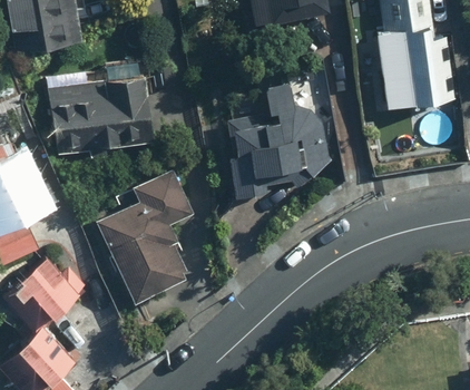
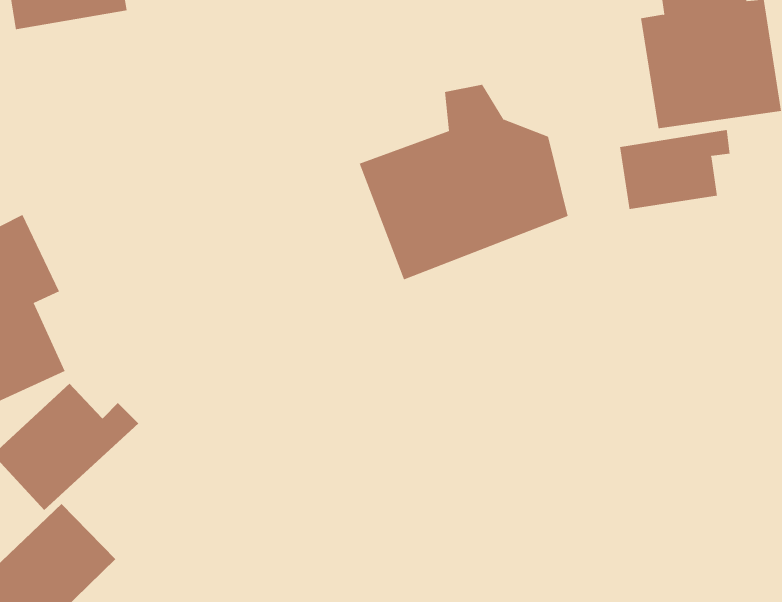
building: [51,77,155,152] -> none
building: none -> [619,129,730,210]
building: [98,169,190,303] -> none

